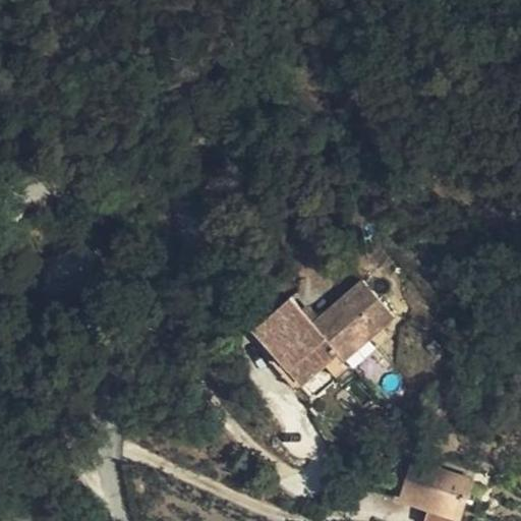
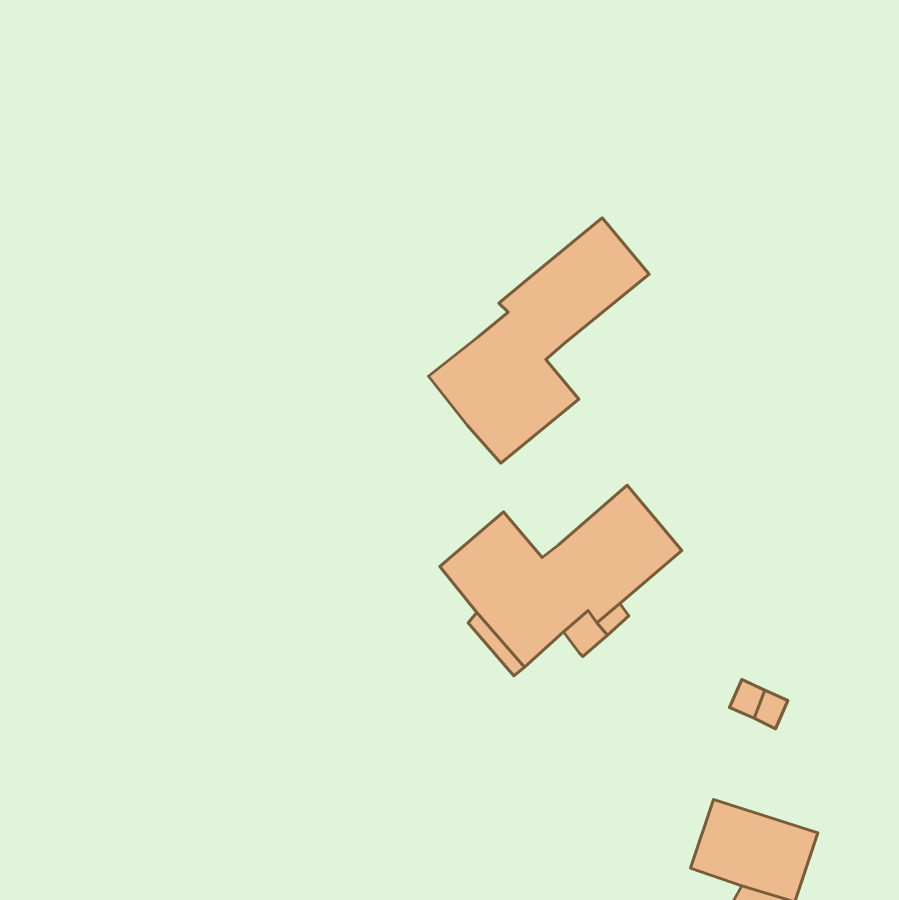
building: none -> [428,218,649,463]

